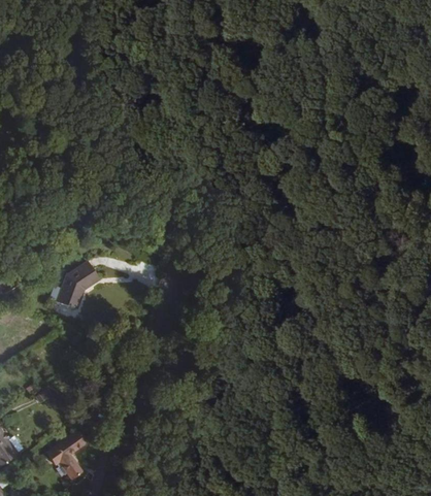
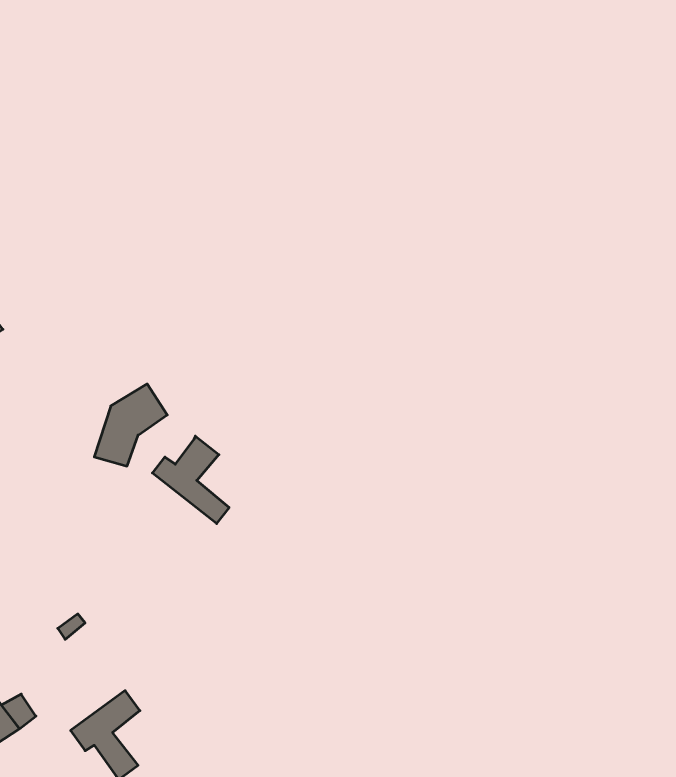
building: none -> [152,436,229,524]

